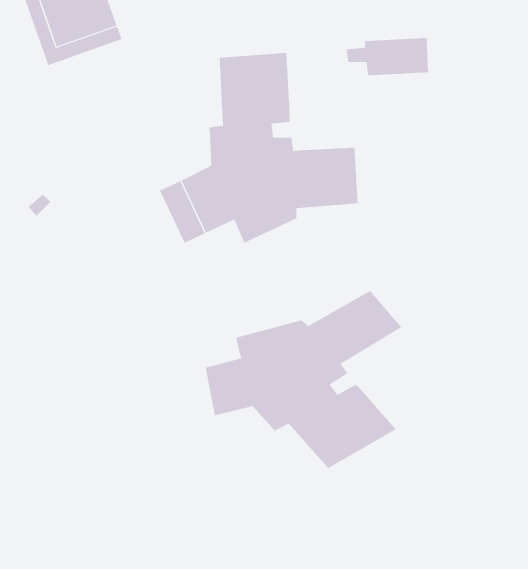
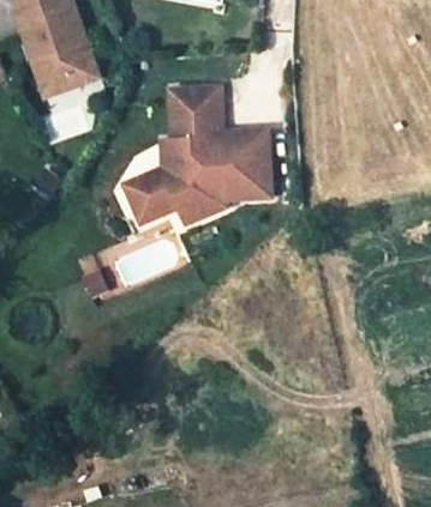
building: [346,38,429,76] -> [206,131,267,158]
building: [205,290,402,469] -> none

